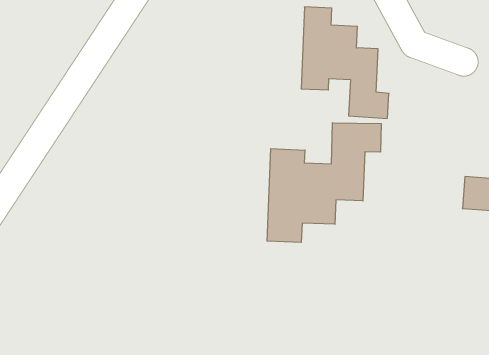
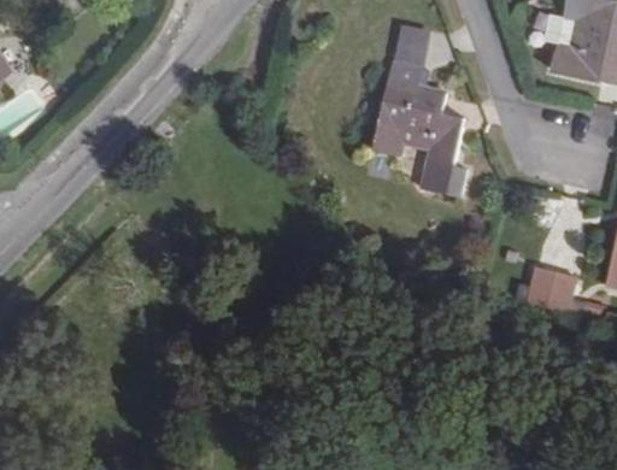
building: [267,123,381,242] -> none

